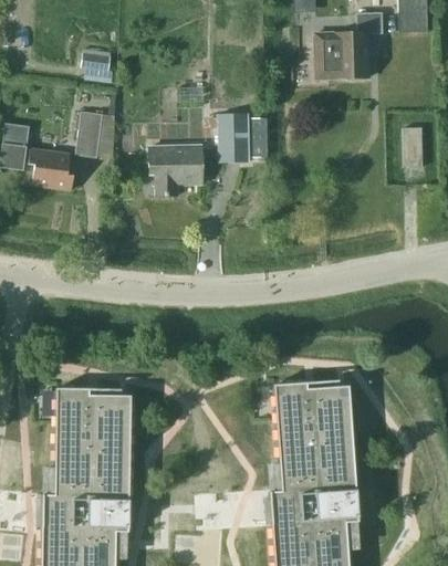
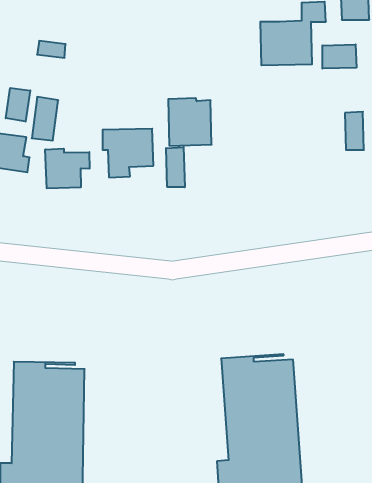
building: none -> [322,44,356,69]
building: none -> [6,88,30,122]
building: none -> [166,147,185,187]
building: none -> [45,149,89,188]

